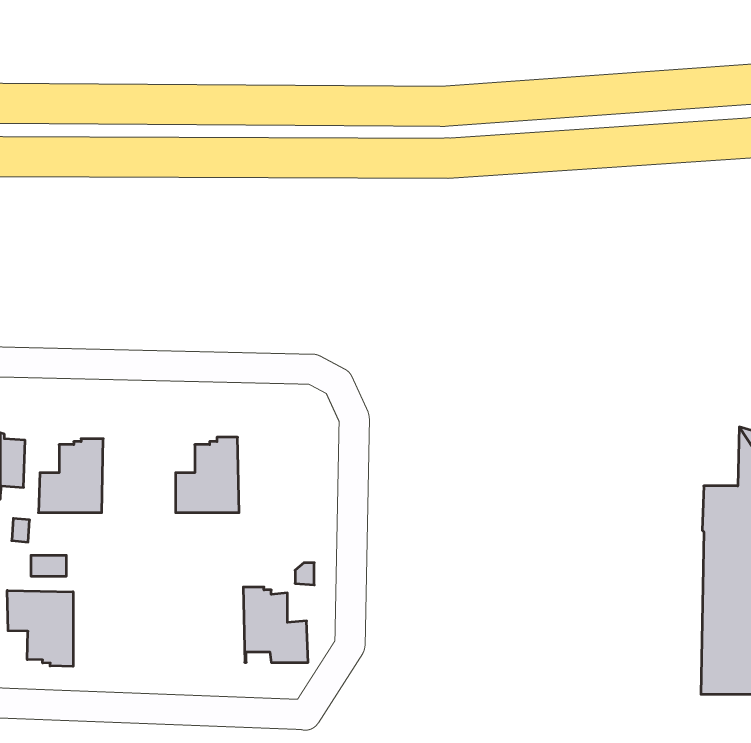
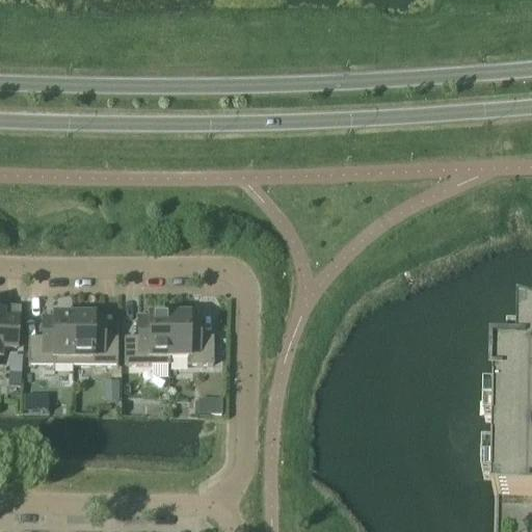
building: none -> [74,309,118,362]
building: [243,587,308,662] -> [169,308,215,361]
building: [7,590,73,666] -> none

